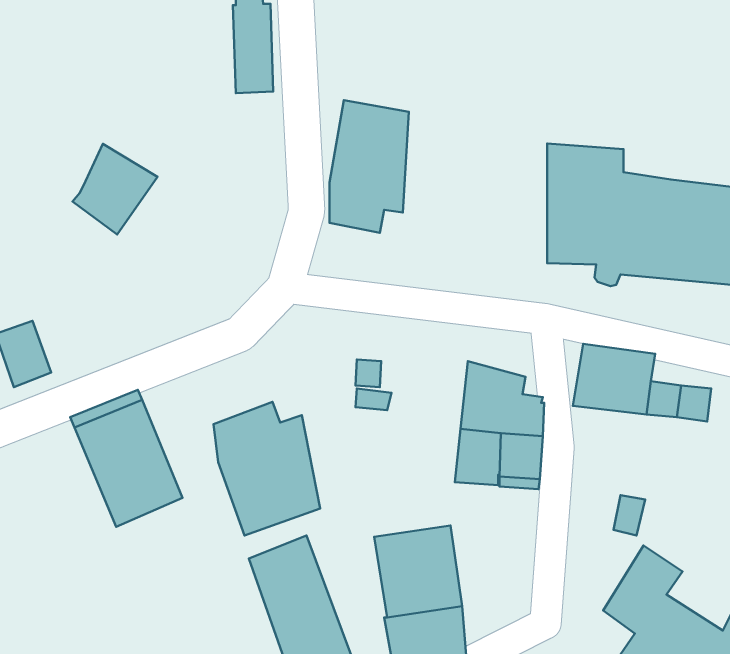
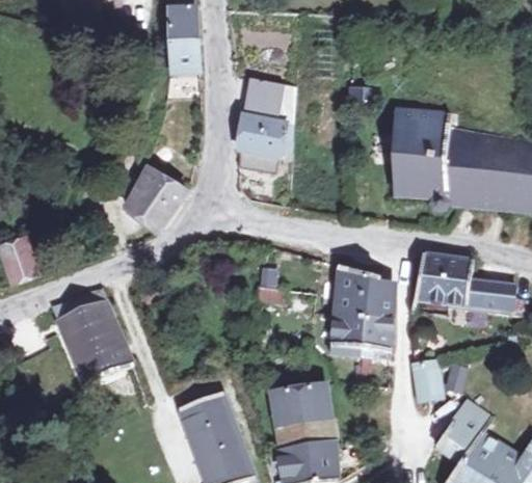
building: [72,144,158,235] -> [127,166,188,232]
building: [214,402,320,536] -> none
building: none -> [413,360,442,400]

